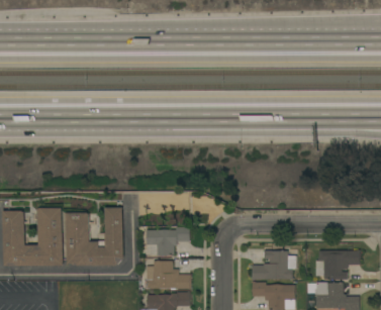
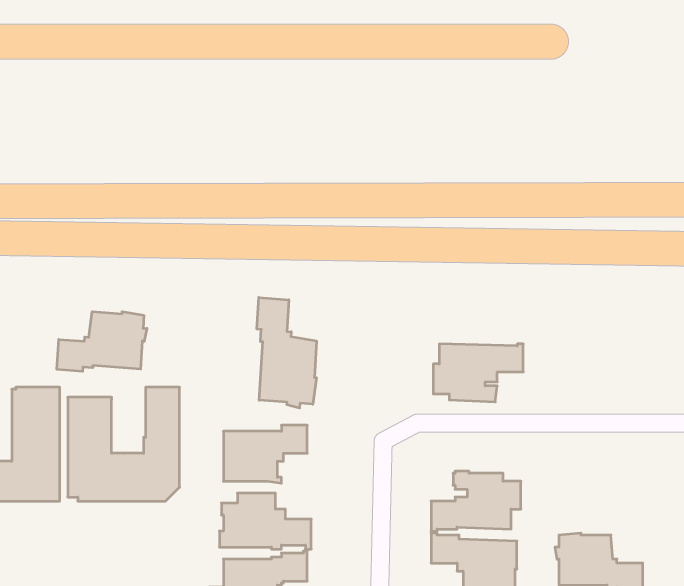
building: none -> [257,297,316,408]
building: none -> [57,312,147,371]
building: [315,250,361,280] -> [433,344,523,402]

